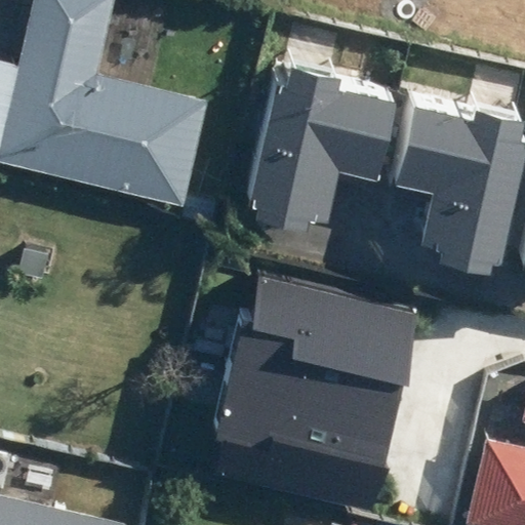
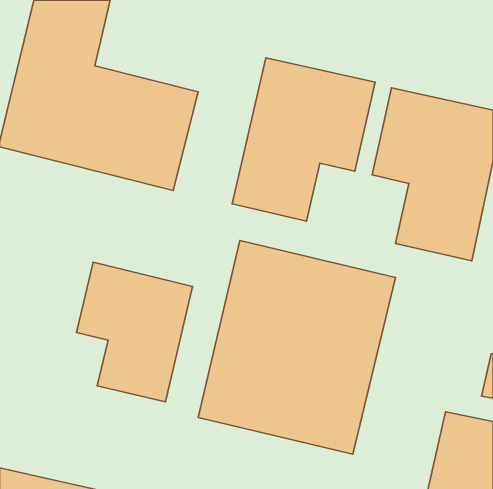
building: none -> [76,262,193,402]

